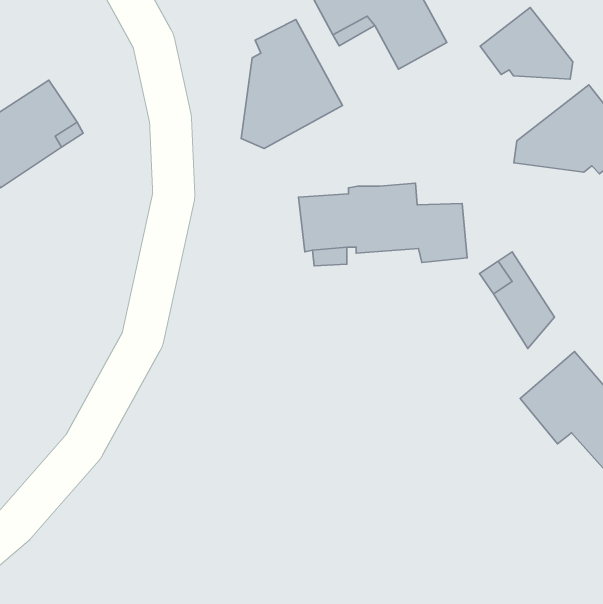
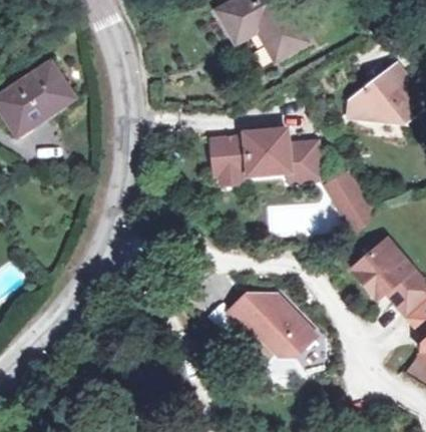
building: [480,7,573,79] -> none
building: [241,20,343,148] -> none
building: none -> [228,293,314,354]

